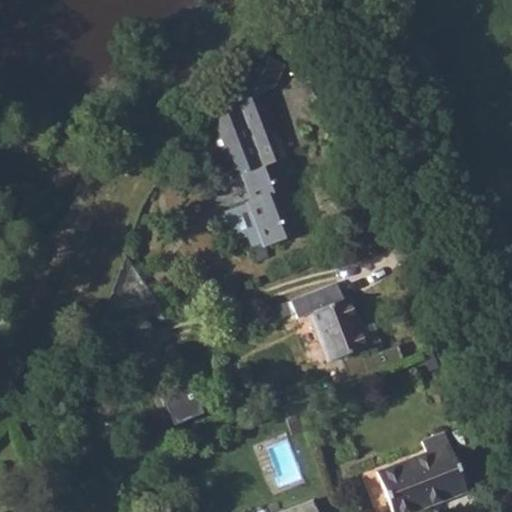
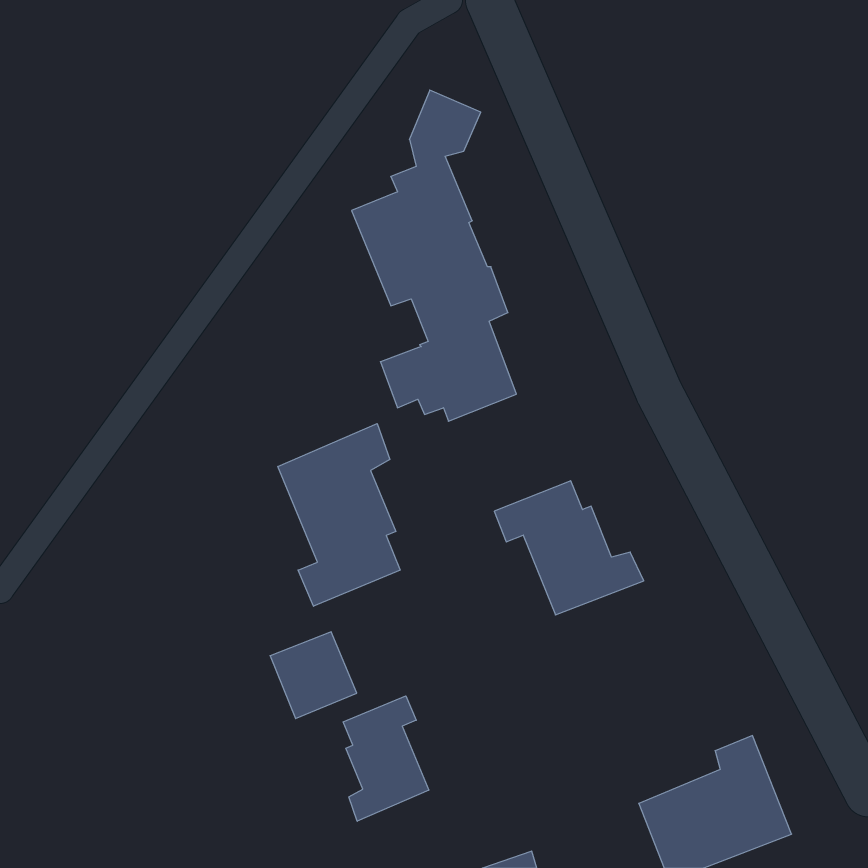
building: none -> [278,424,400,606]
building: none -> [343,696,429,821]

